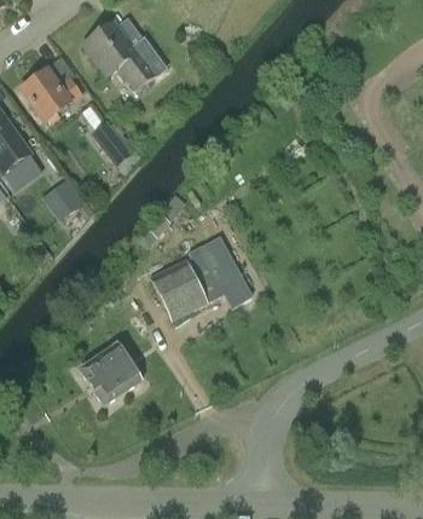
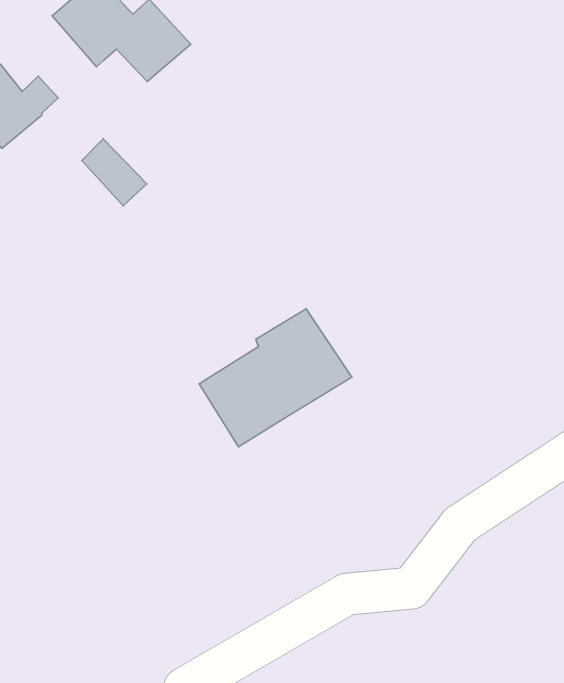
building: [41,178,83,220] -> none
building: [79,341,141,404] -> none

